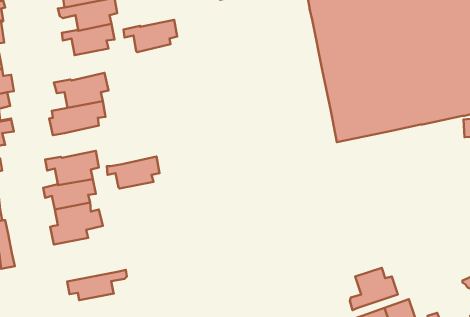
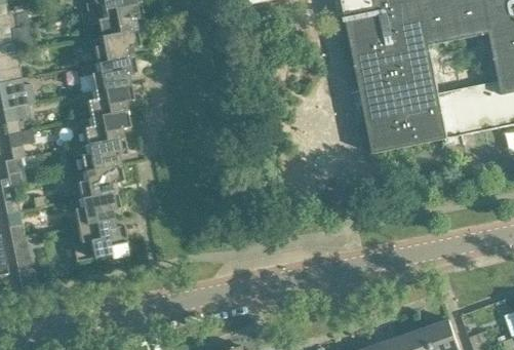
building: [124,20,177,52] -> [79,55,135,89]
building: [107,156,159,189] -> [70,137,125,170]
building: [350,268,398,310] -> none
building: [67,270,127,300] -> none

